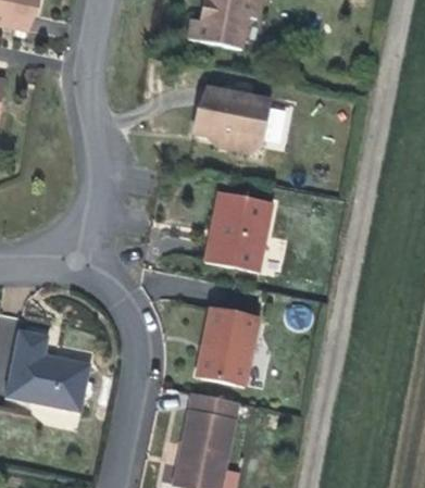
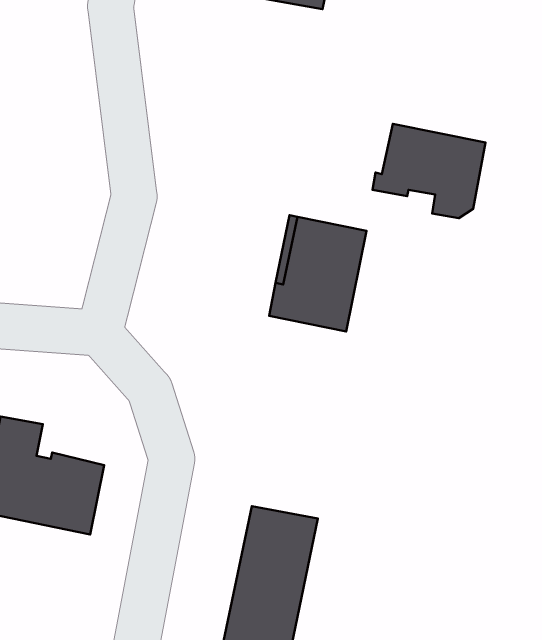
building: [192,86,271,151] -> [372,124,486,218]
building: [201,305,259,385] -> none

